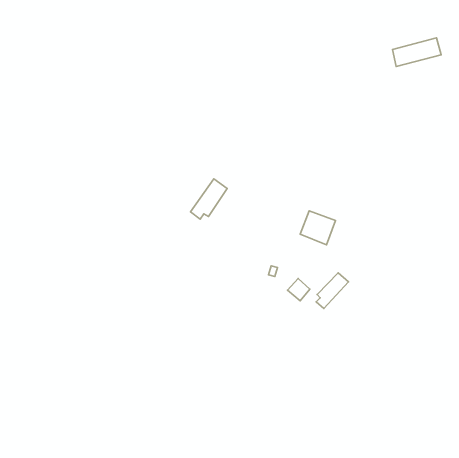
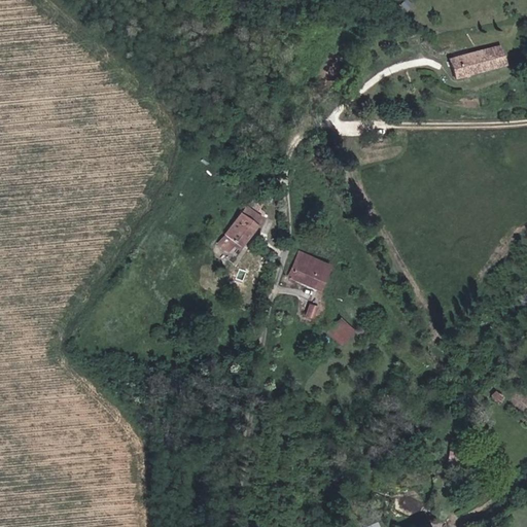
building: [300,211,335,245] -> [291,252,331,291]
building: [316,273,348,309] -> none

